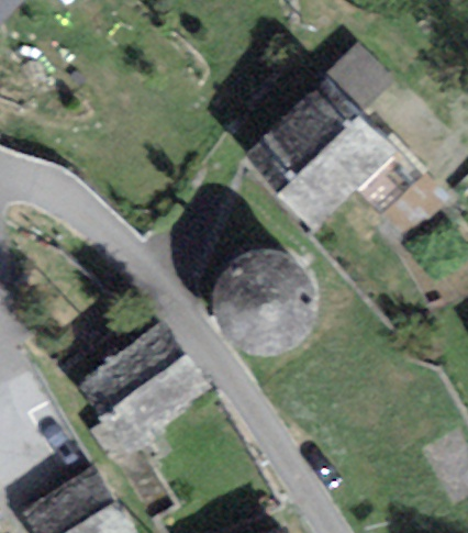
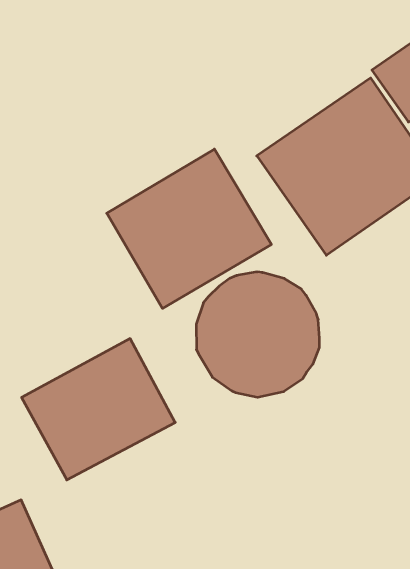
building: none -> [107,149,271,308]

